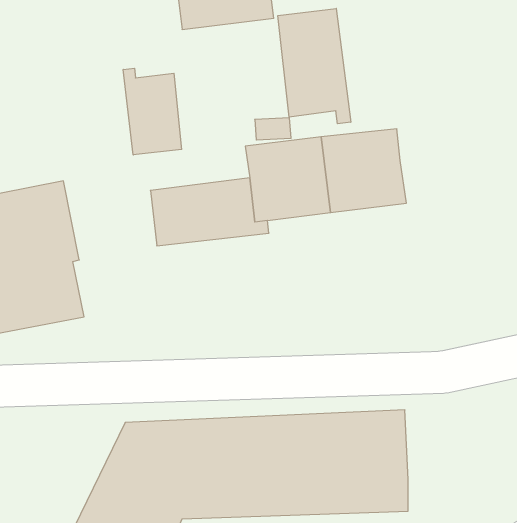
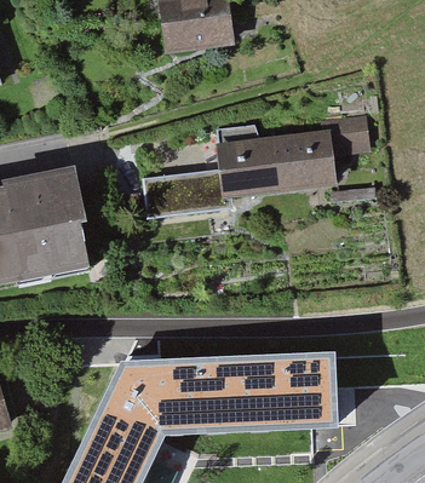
building: [278,8,351,124] -> none
building: [123,68,182,155] -> none
building: none -> [329,113,372,156]

